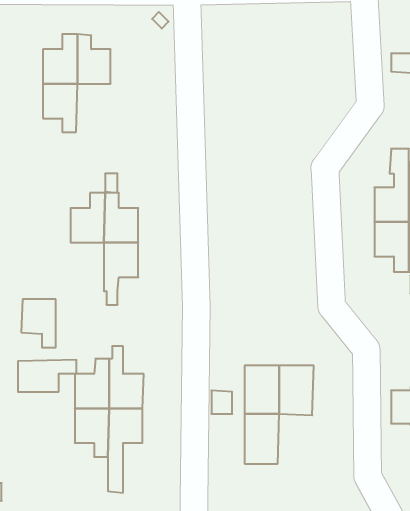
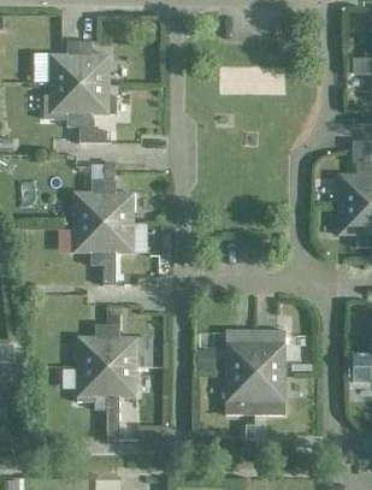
building: none -> [78,84,114,143]
building: [21,299,56,348] -> [72,223,102,265]
building: [18,360,76,392] -> none
building: none -> [254,372,284,415]

